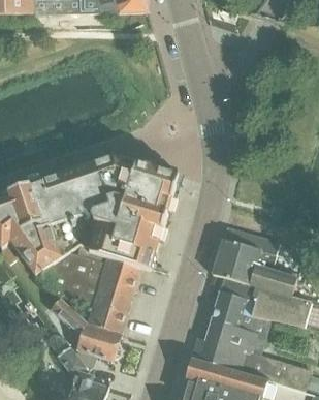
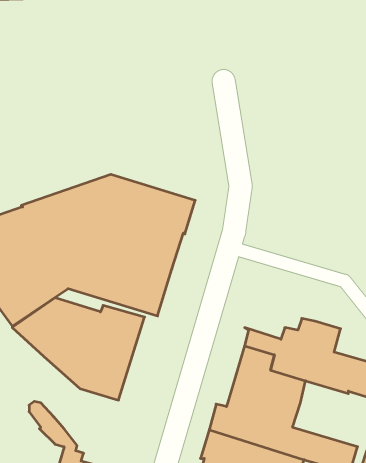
building: [211,225,278,284] -> none
building: [51,298,120,371] -> none

